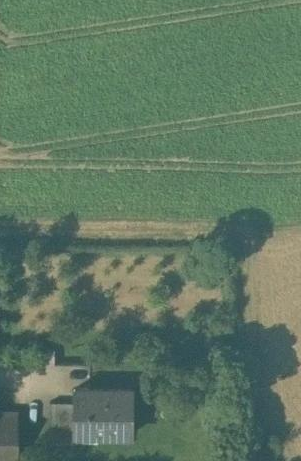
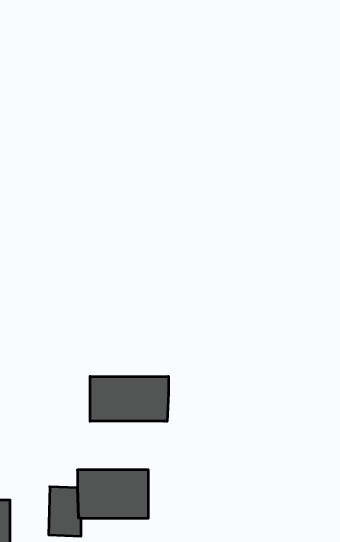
building: none -> [90,376,168,421]

